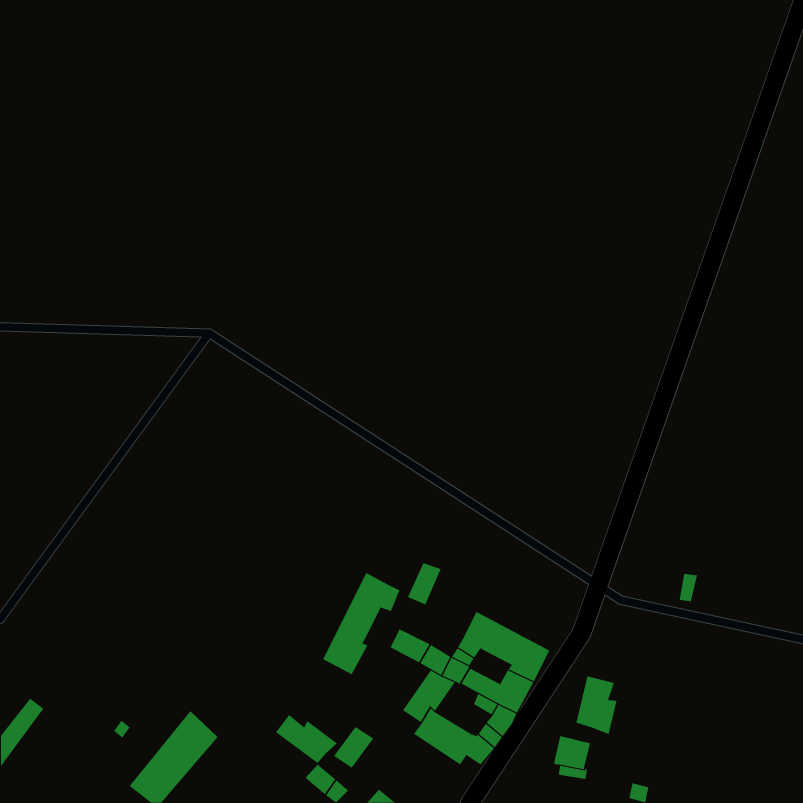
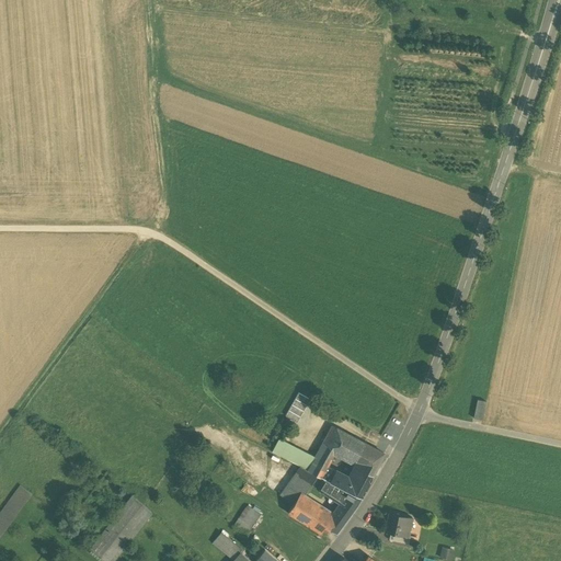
building: [323,572,400,675] -> none
building: [576,676,617,735] -> none
building: [275,714,338,764] -> none

